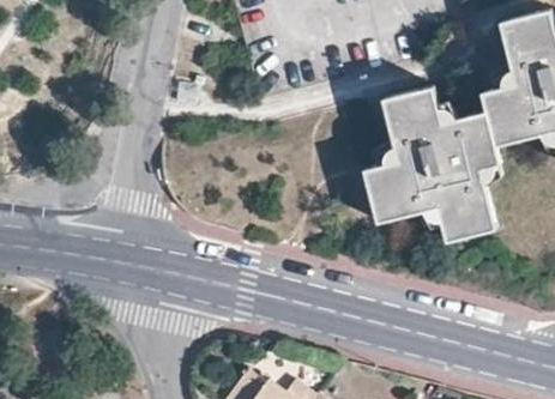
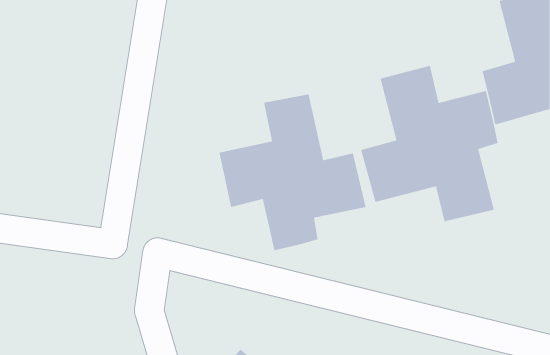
building: none -> [218,93,367,251]

